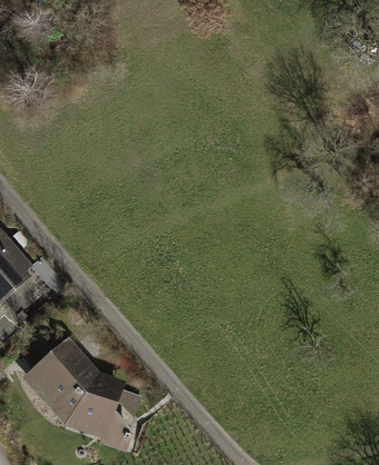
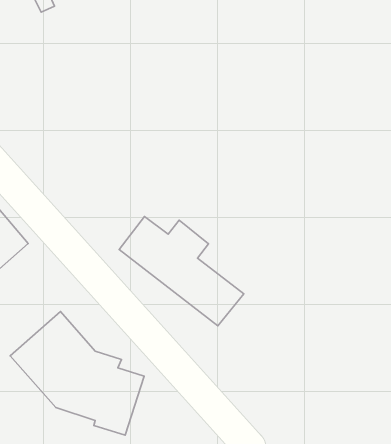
building: none -> [119,217,244,326]

